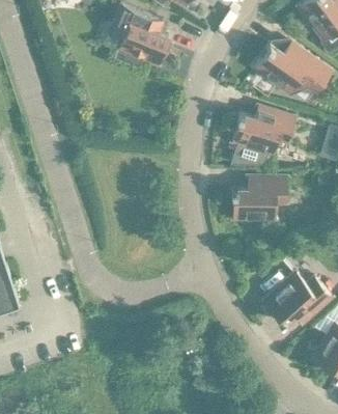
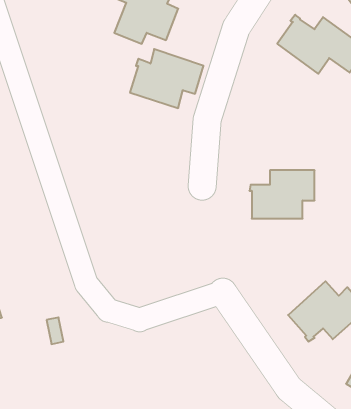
building: [231,104,294,155] -> [130,49,204,108]

